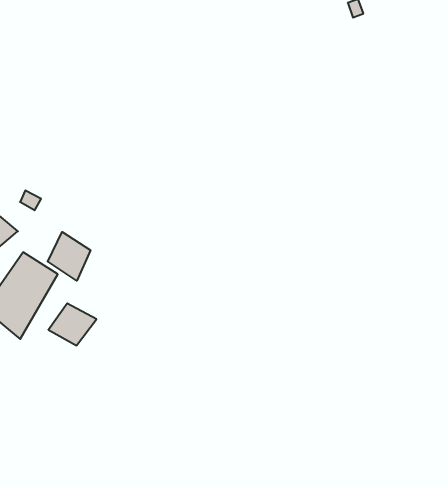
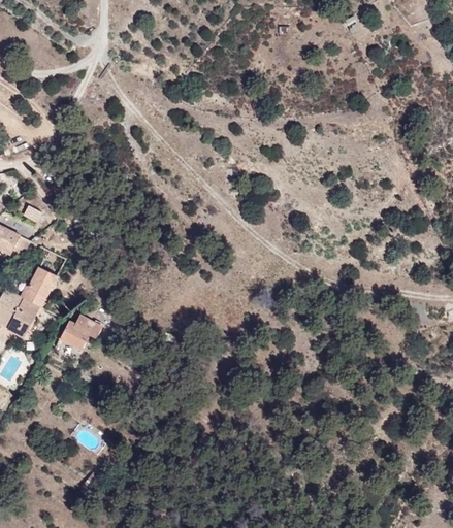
building: [48,232,90,281] -> none

